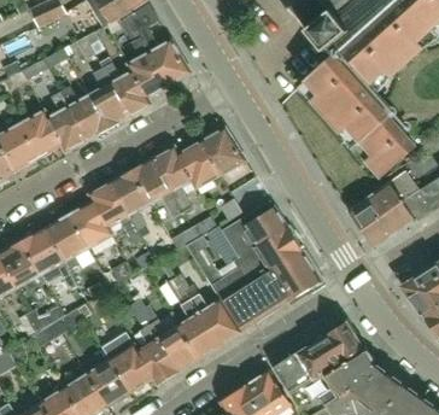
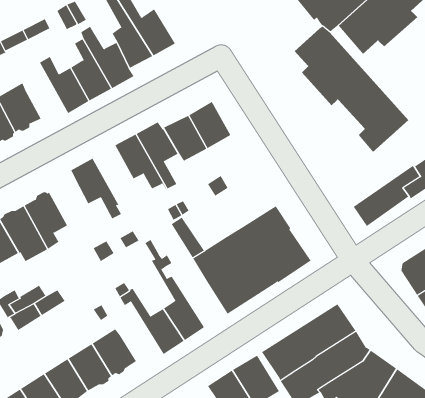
building: [46,90,86,152] -> none
building: [110,170,148,228] -> none
building: [346,170,417,229] -> none
building: [220,199,286,258] -> none
building: [68,201,110,247] -> none
building: [176,284,239,345] -> none
building: [136,321,177,385] -> none

